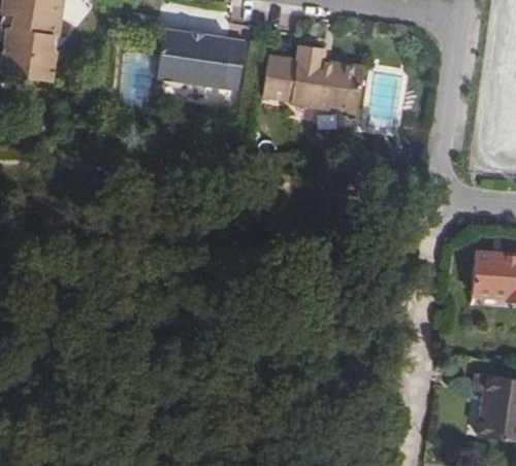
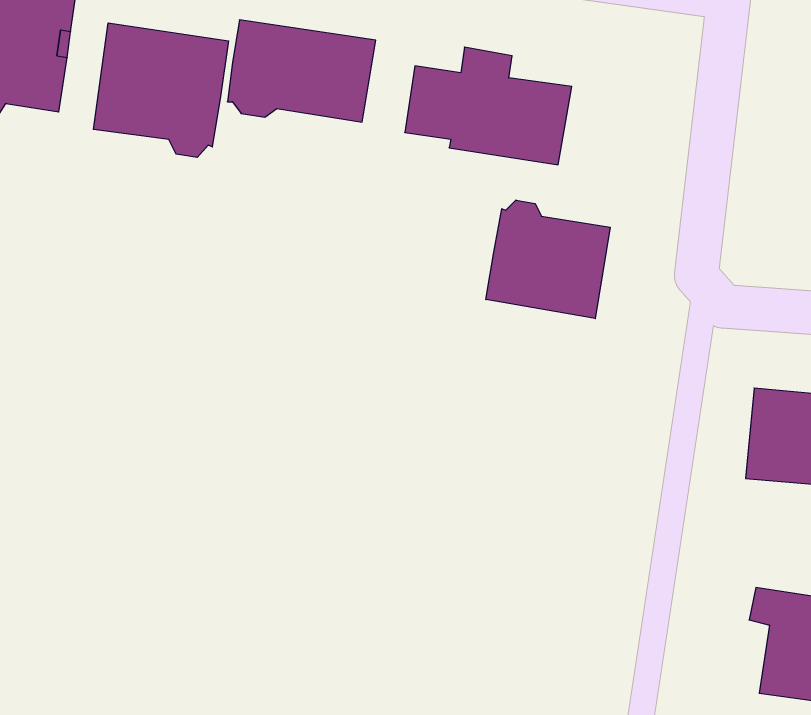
building: none -> [93,23,228,157]
building: none -> [486,200,610,319]

